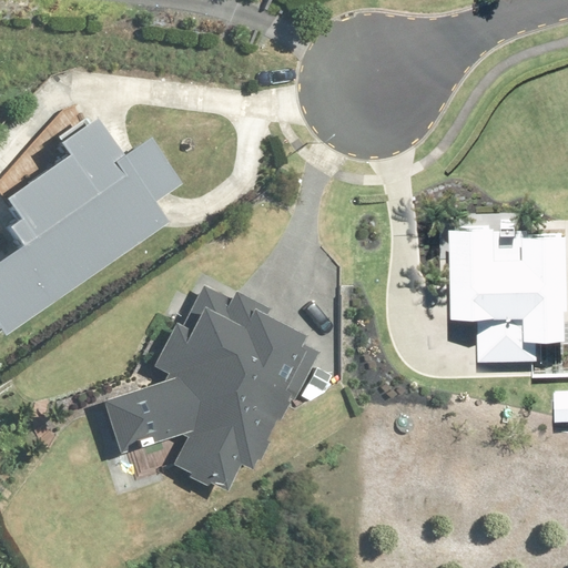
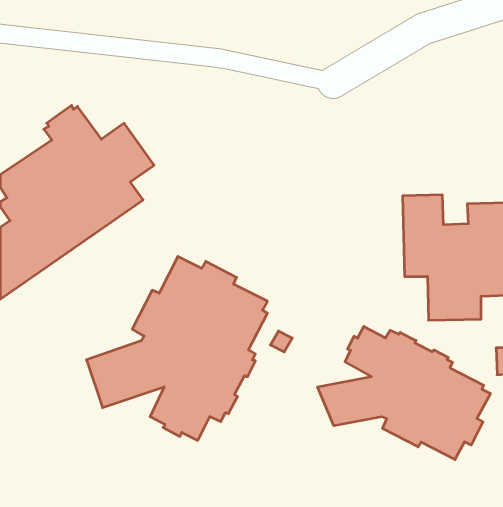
building: none -> [318,326,490,460]

